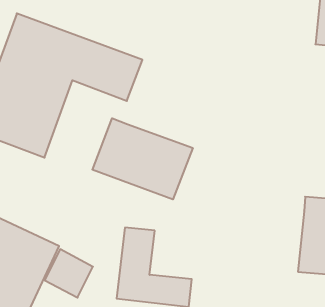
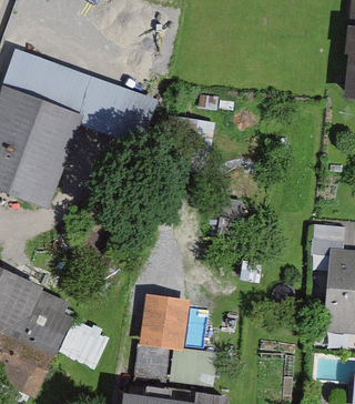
building: [92,118,193,199] -> none

